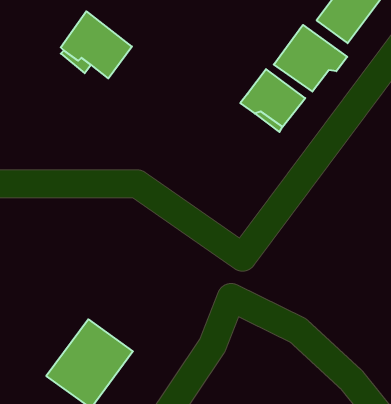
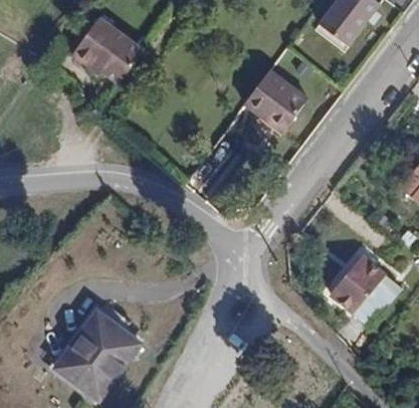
building: [274,25,347,92] -> none
building: none -> [333,255,385,312]

